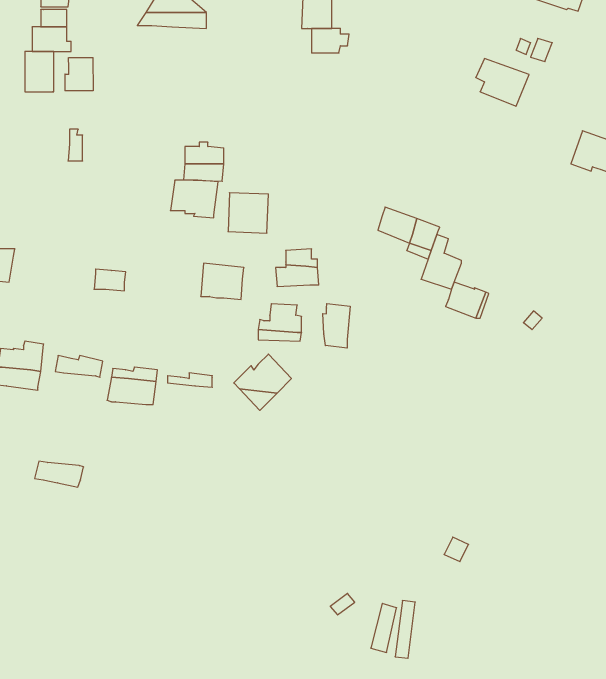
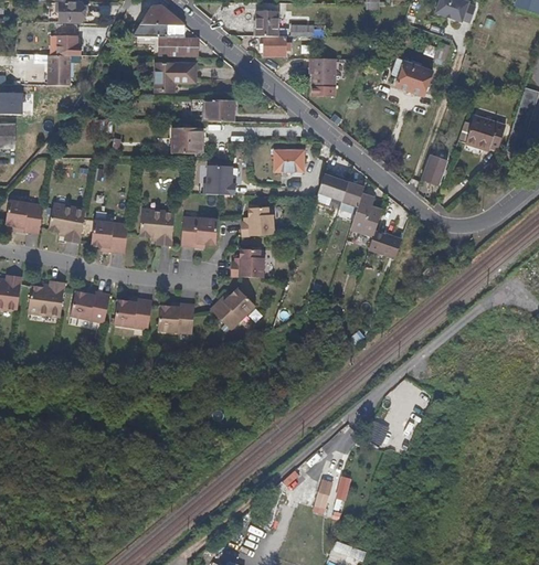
building: none -> [158,38,198,56]
building: none -> [313,60,340,89]
building: [65,58,93,91] -> none
building: none -> [158,64,197,92]
building: none -> [204,99,235,121]
building: none -> [275,151,306,173]
building: [170,180,218,218] -> [136,213,172,242]
building: none -> [422,156,448,185]
building: none -> [44,207,82,242]
building: none -> [87,220,124,253]
building: [323,304,350,348] -> none
building: none -> [155,309,191,331]
building: [35,461,84,487] -> [67,300,105,320]

